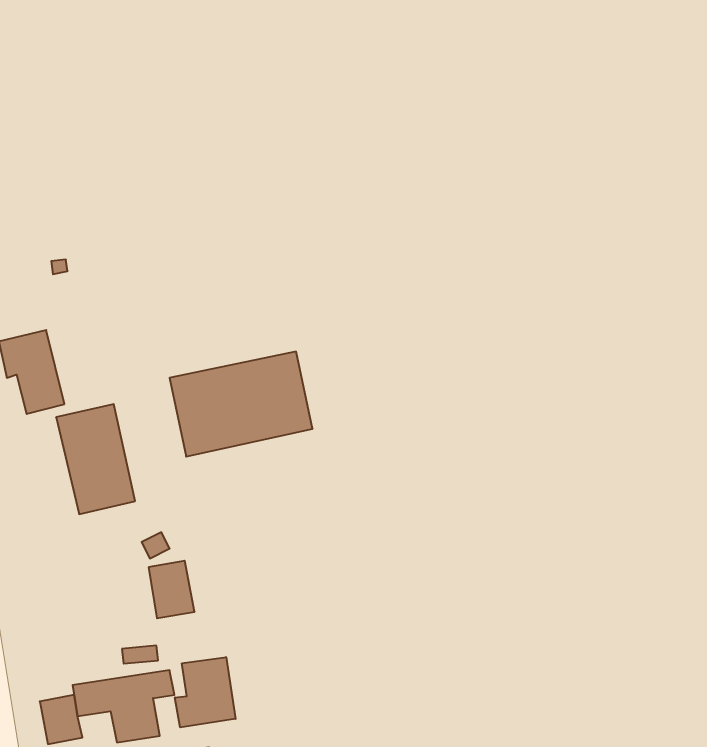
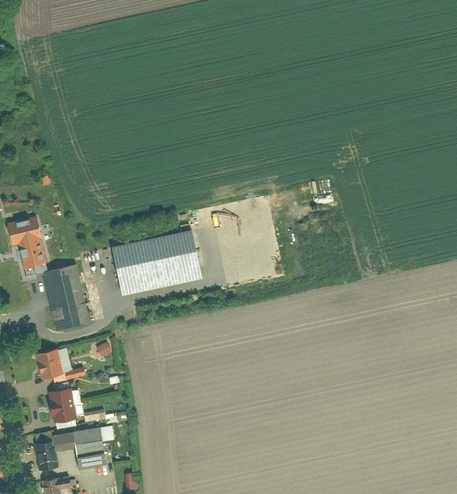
building: none -> [35,349,64,378]
building: [149,561,195,618] -> [49,389,77,424]
building: [175,657,236,727] -> none

